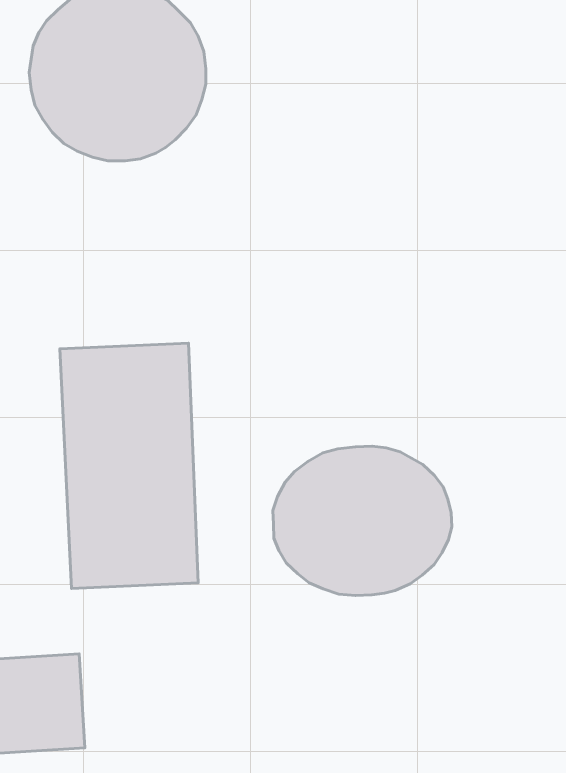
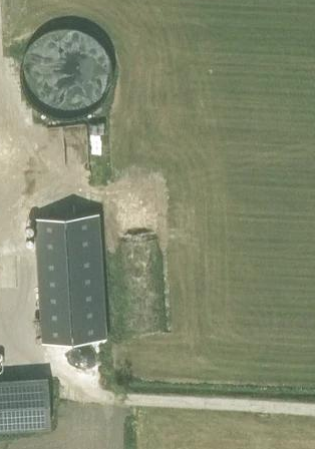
building: [273,446,452,596] -> none

